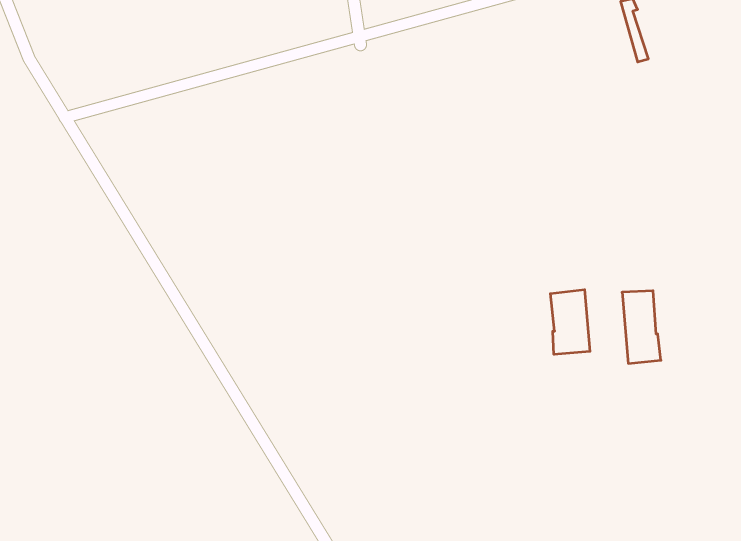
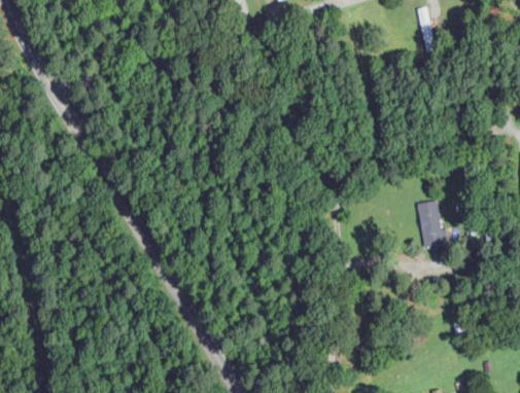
building: [550,290,590,354] -> none

